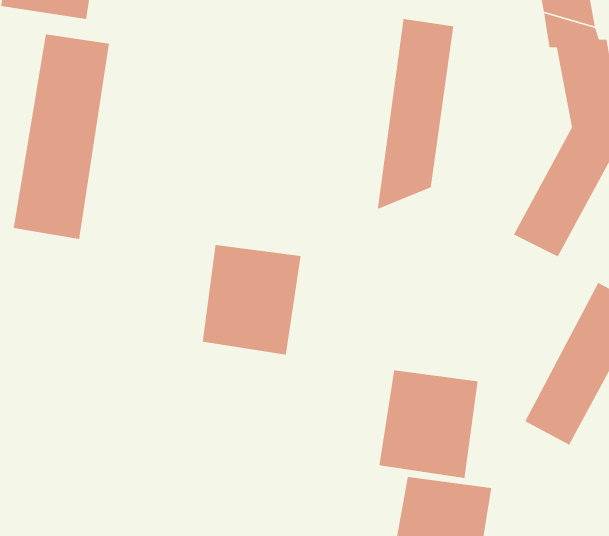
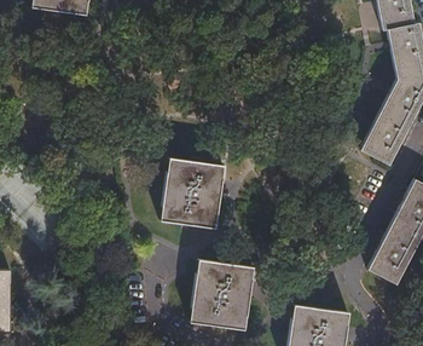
building: [377,18,454,210] -> none
building: [13,33,110,240] -> none
building: [379,370,478,479] -> [187,260,251,330]

